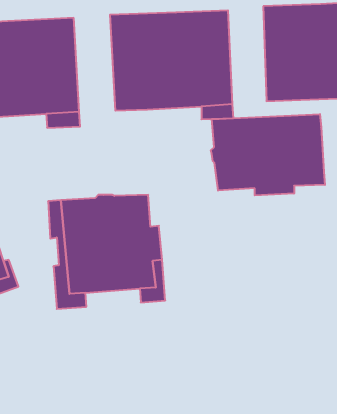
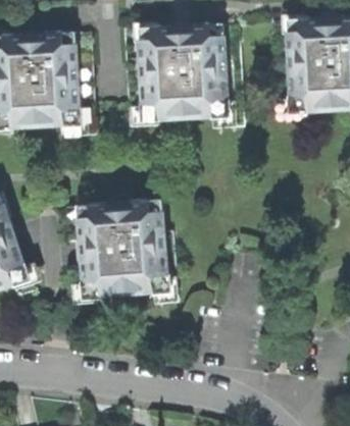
building: [211,114,325,195] -> none

